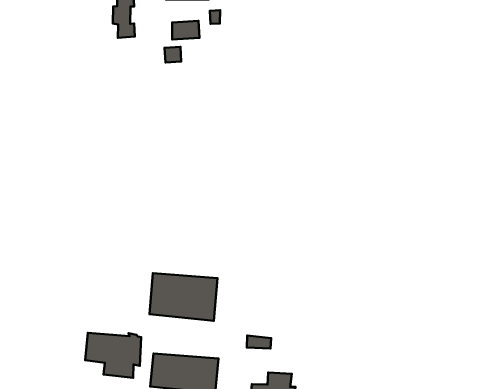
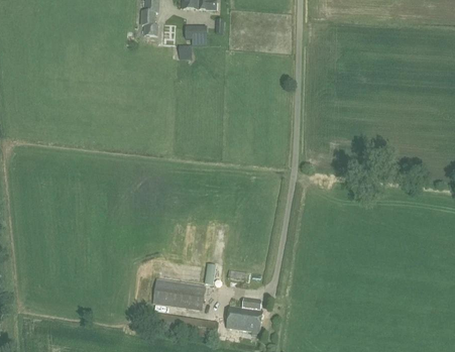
building: [149,273,218,321] -> none
building: [85,333,141,378] -> none

